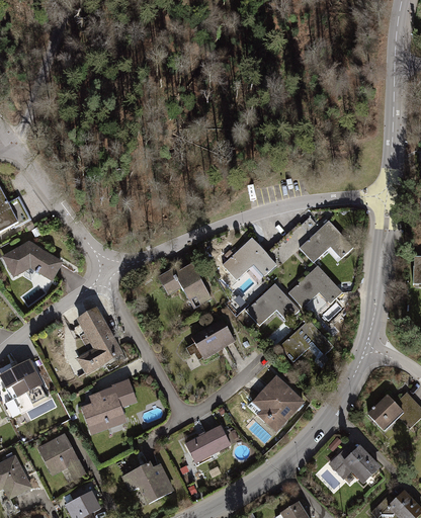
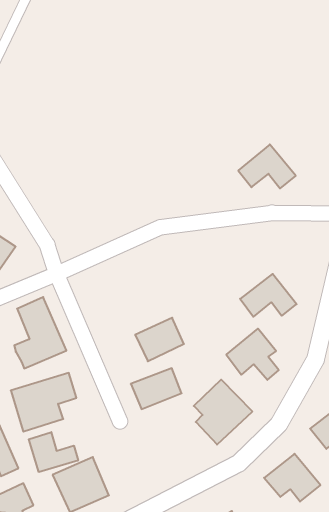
building: [300,219,355,261] -> [238,144,296,188]
building: [220,235,277,281] -> none
building: [156,257,216,310] -> none
building: [244,284,299,329] -> none
building: [182,423,232,464] -> [131,368,182,409]
building: none -> [29,432,78,472]

